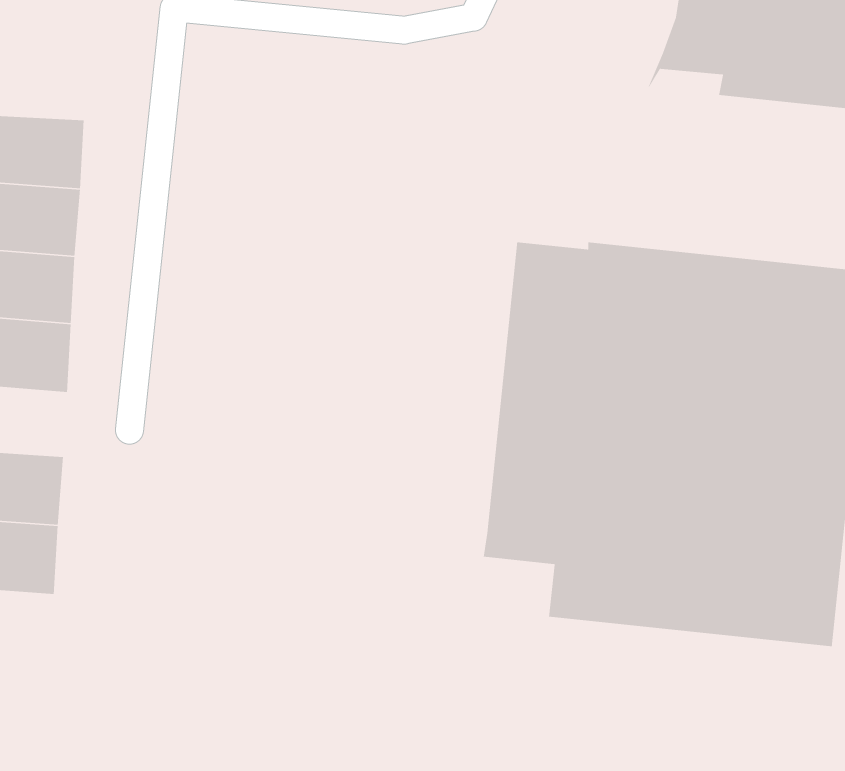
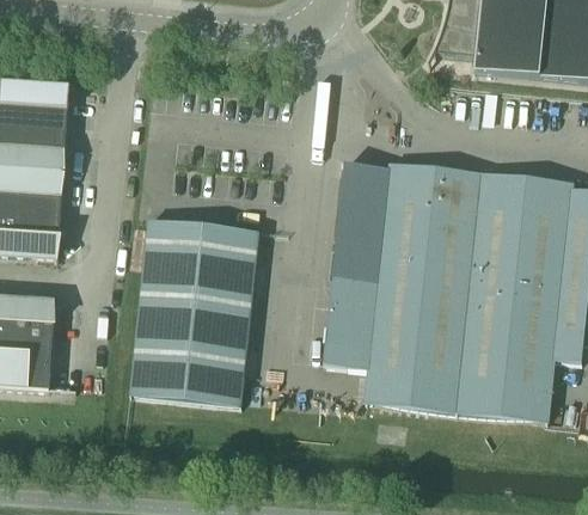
building: none -> [129,219,259,406]

